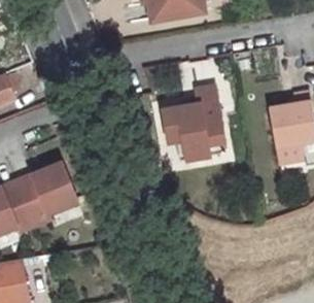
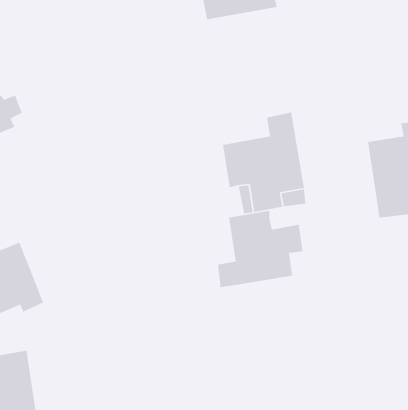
building: none -> [217,210,303,288]
building: [16,162,78,225] -> none

